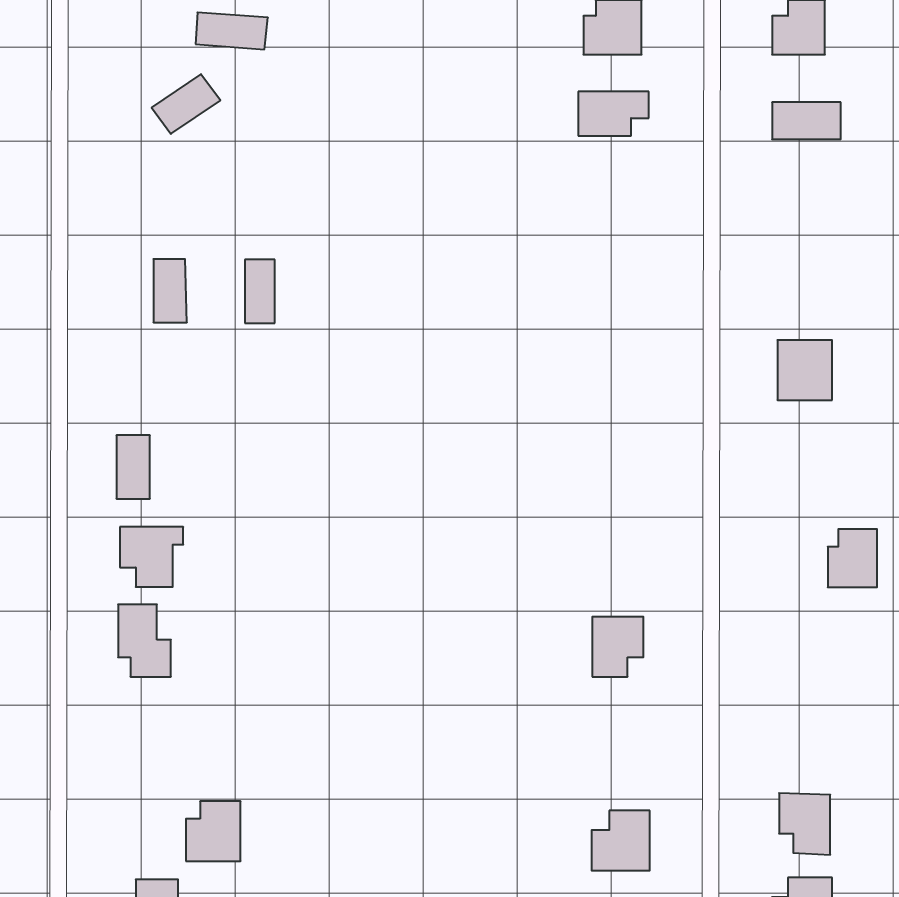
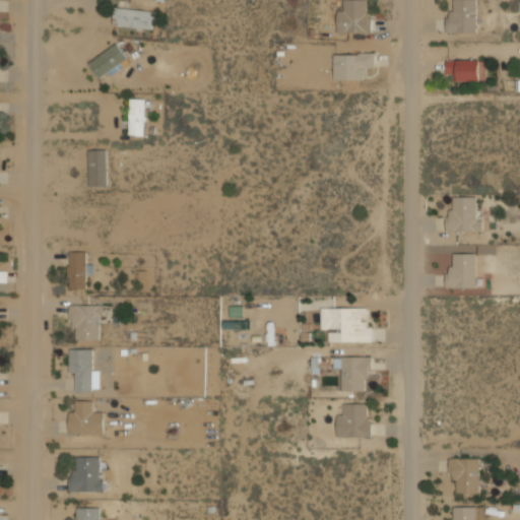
building: [245,260,275,323] -> [128,100,145,136]
building: [828,529,877,587] -> [447,255,475,288]
building: none -> [321,309,371,343]
building: none -> [69,402,103,435]
building: [186,801,241,861] -> [69,458,101,493]
building: [592,811,650,871] -> [336,404,370,439]

